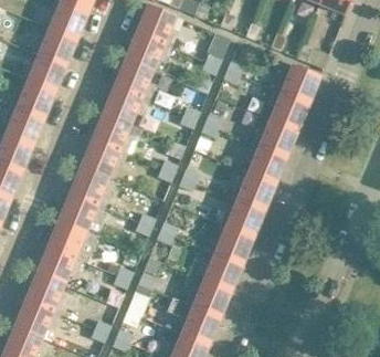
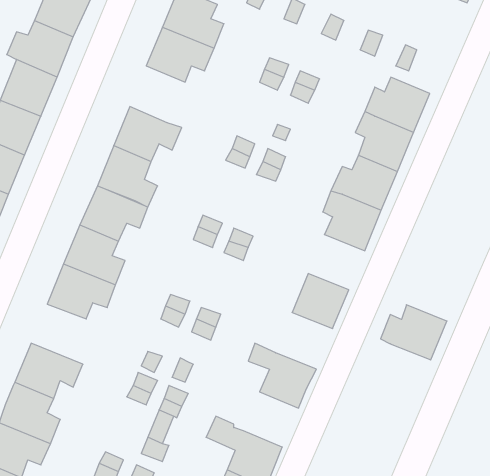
building: [115,57,157,99] -> none
building: [230,172,275,210] -> [381,305,447,360]
building: [47,220,98,263] -> none
building: [214,225,253,264] -> none
building: [186,280,230,317] -> none

